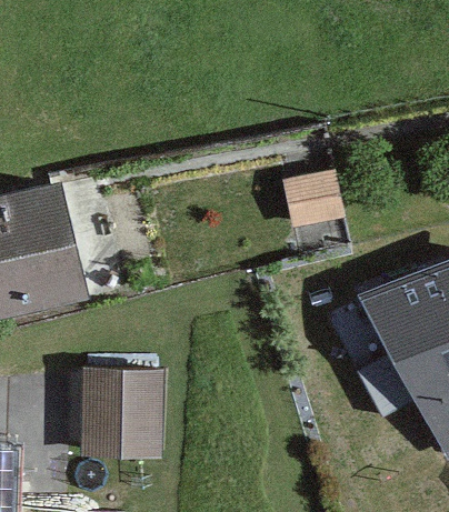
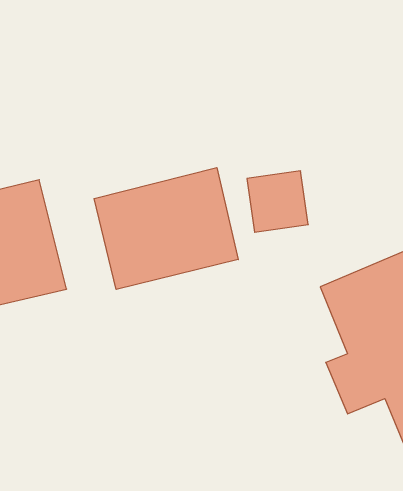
building: none -> [94,168,238,289]
building: [79,365,160,462] -> none

